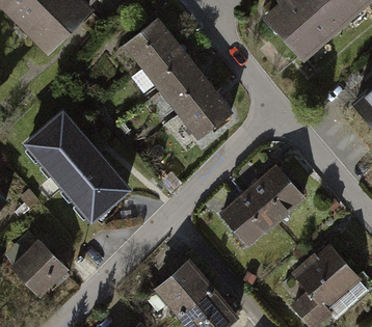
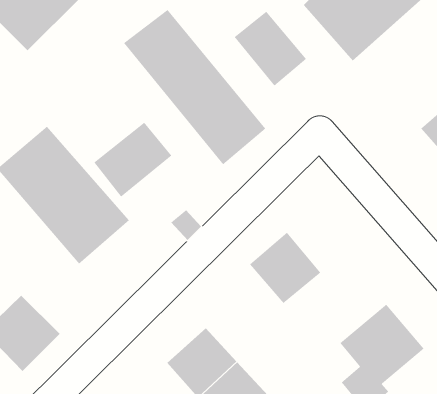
building: none -> [234,11,307,87]
building: none -> [93,122,172,198]
building: [251,166,307,222] -> none

